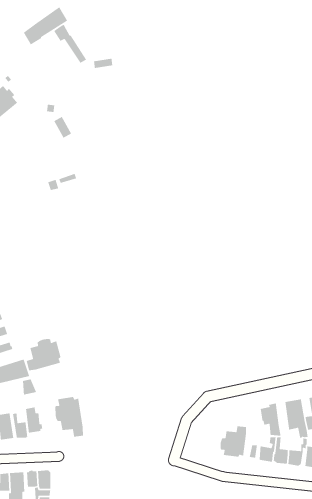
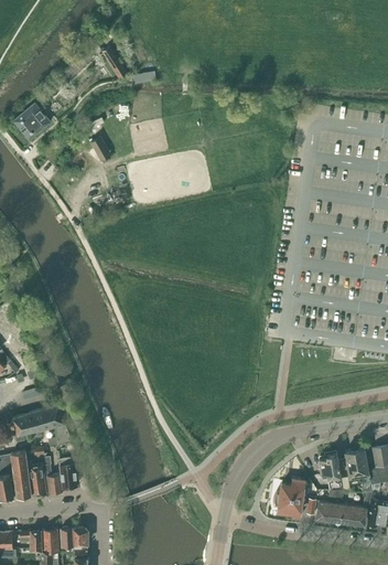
building: [23,6,68,45] -> none
building: [26,338,62,371] -> none
building: [54,396,84,437] -> none

